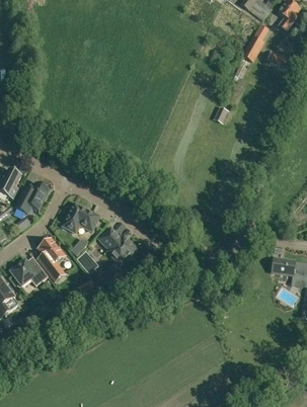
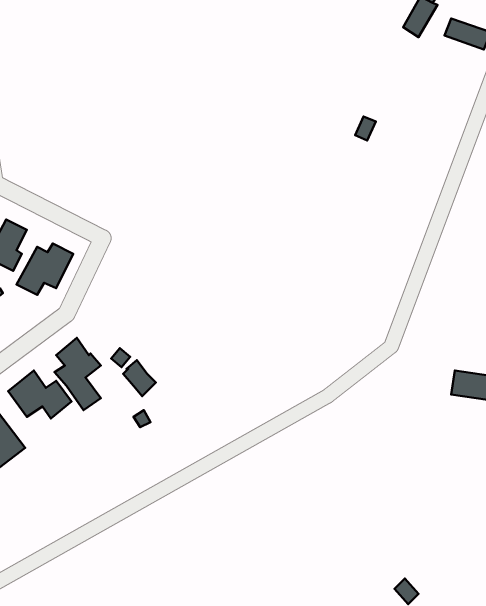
building: [62,201,100,232] -> none
building: [99,227,136,263] -> none

